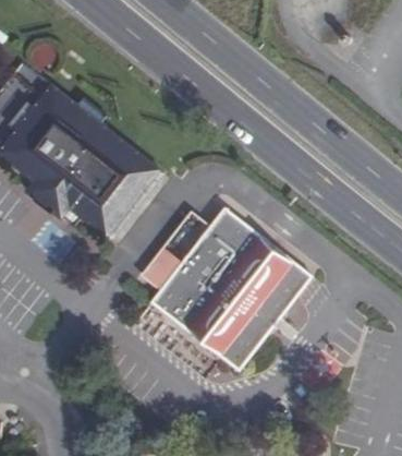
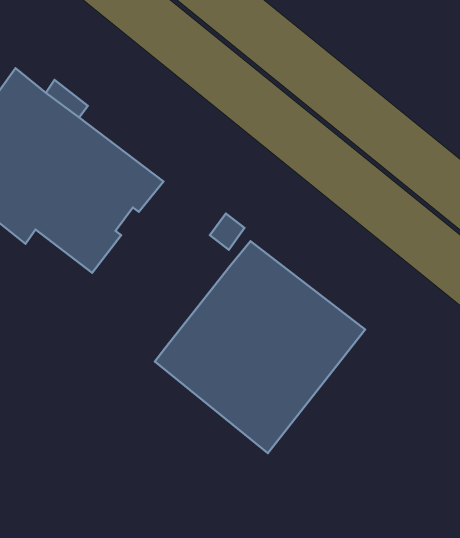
building: [143,216,211,293] -> none

